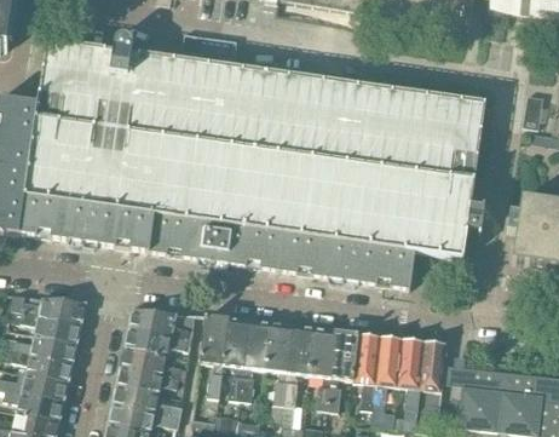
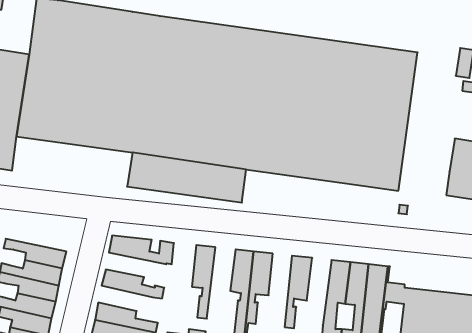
building: [19,194,156,251] -> none
building: [281,231,416,288] -> none
building: [12,293,86,324] -> none
building: [200,315,229,398] -> none
building: [241,320,273,402] -> none
building: [126,326,195,353] -> none
building: [311,327,338,410] -> none
building: [355,332,382,408] -> none
building: [117,363,179,392] -> none

